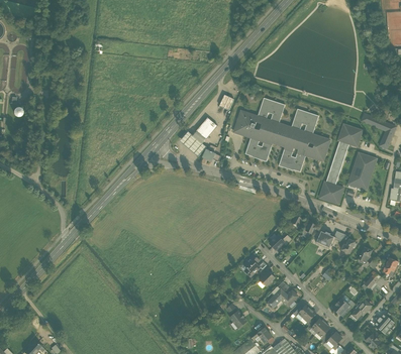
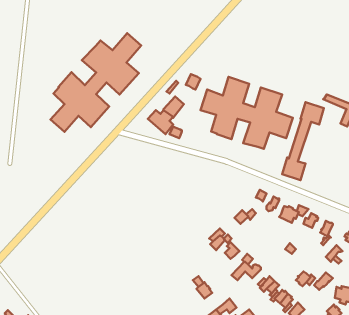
building: none -> [50,33,141,132]
building: [348,151,377,191] -> none

